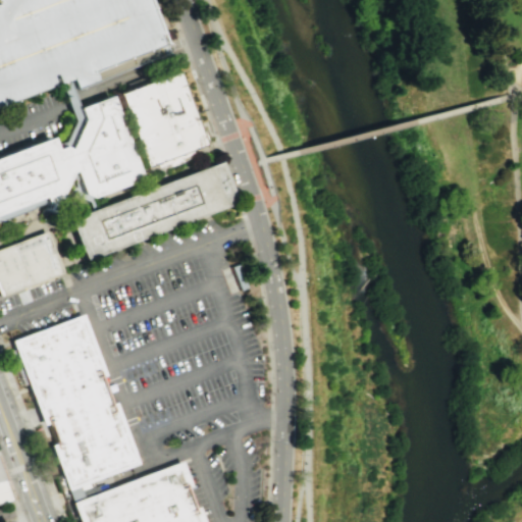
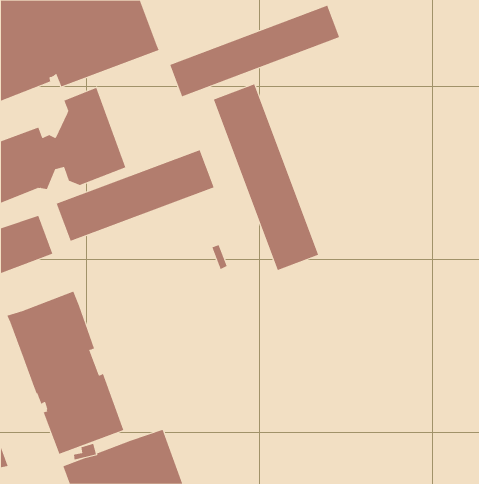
building: none -> [170,5,340,97]
building: [114,68,211,172] -> none
building: none -> [213,84,319,271]

